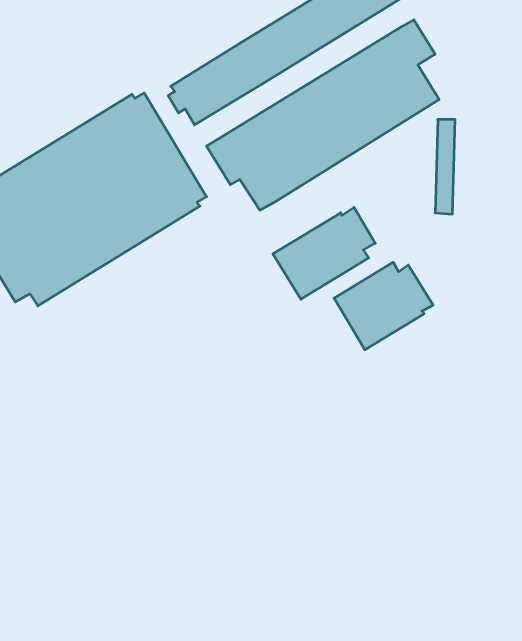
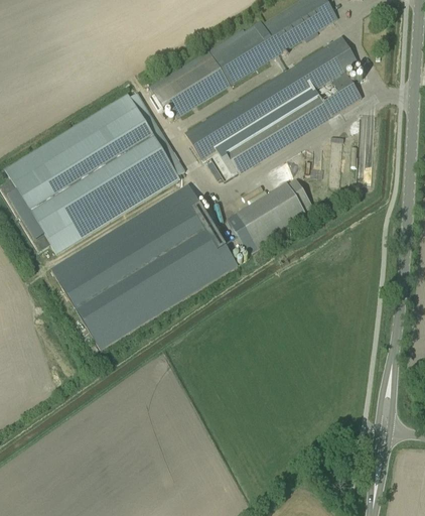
building: none -> [50,184,237,349]
building: [334,262,433,350] -> none

